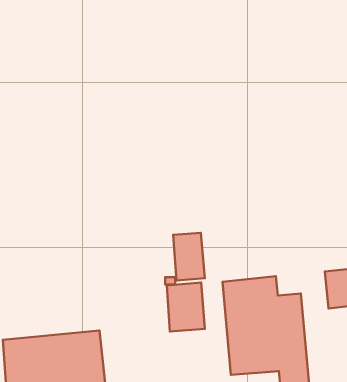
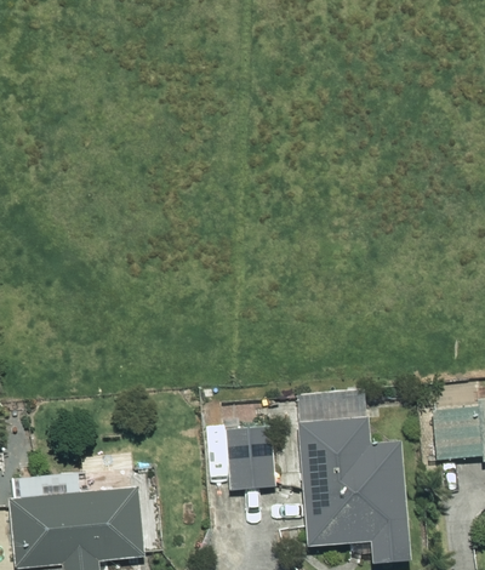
building: [173,233,205,281] -> none

